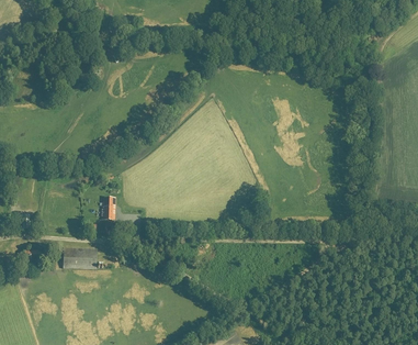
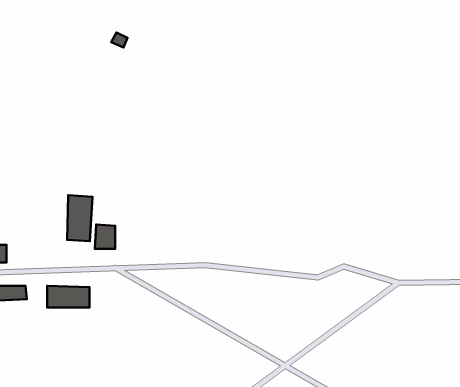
building: none -> [67,195,92,241]

